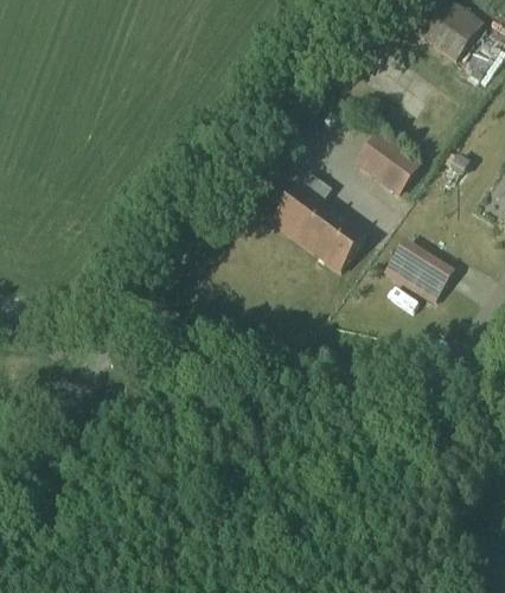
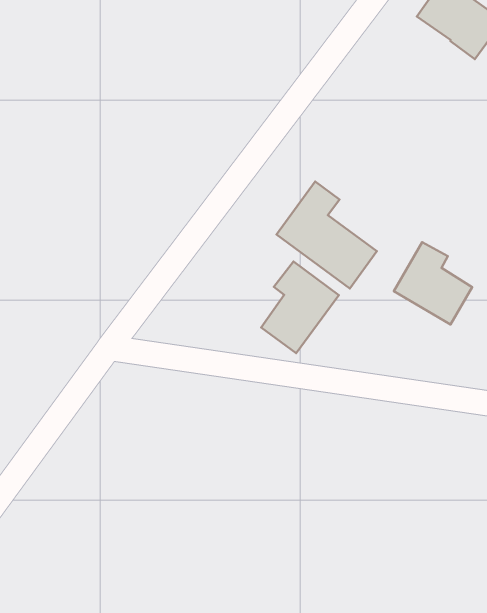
building: [357,133,417,190] -> none
building: none -> [261,261,339,353]

